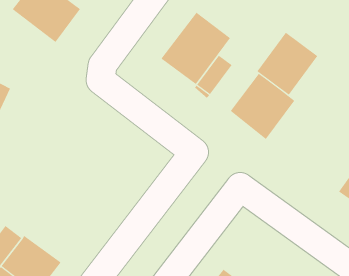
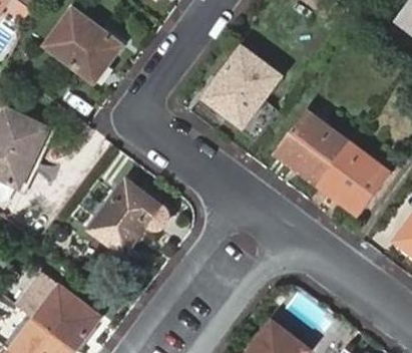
building: [257,32,318,95] -> [318,141,384,210]
building: none -> [90,181,166,254]

